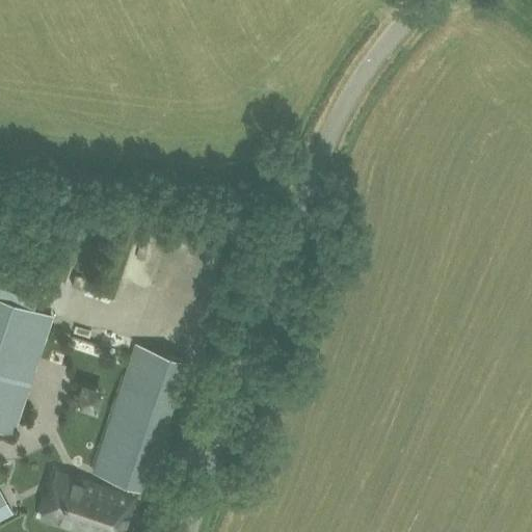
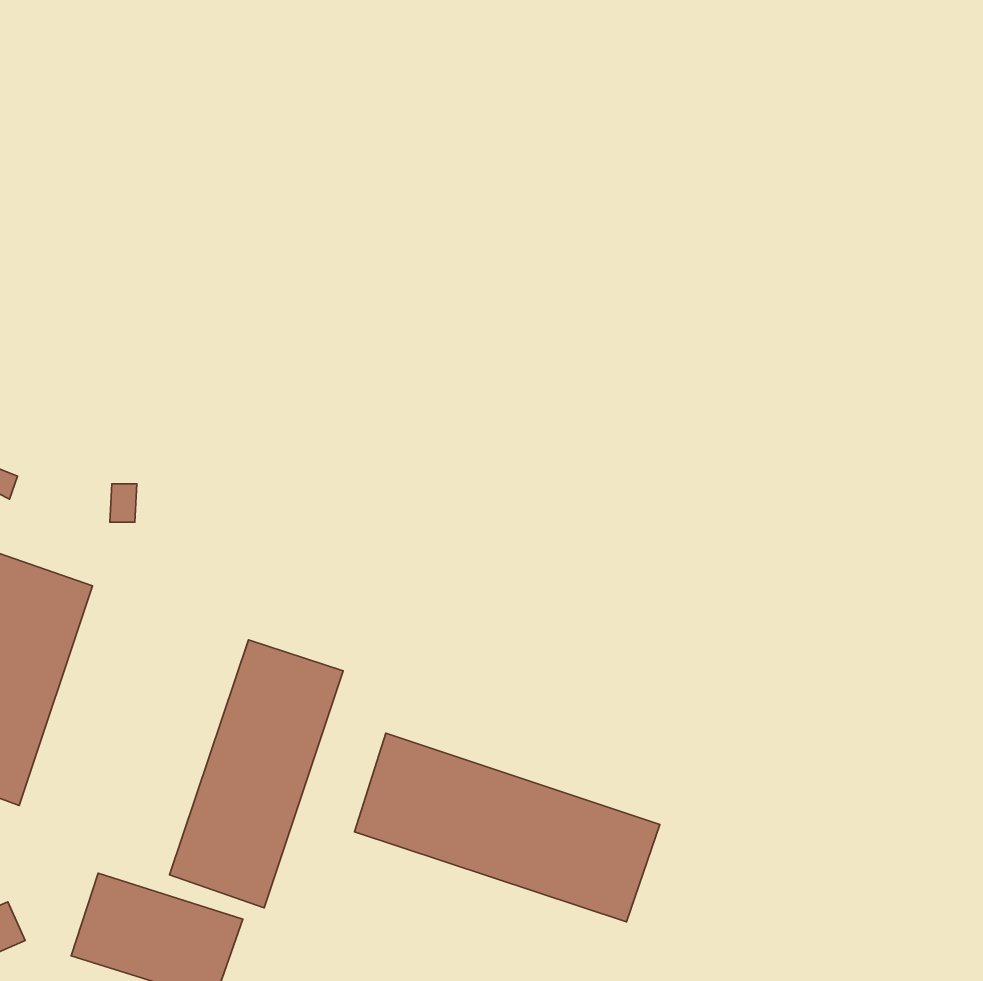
building: none -> [354,733,660,922]

